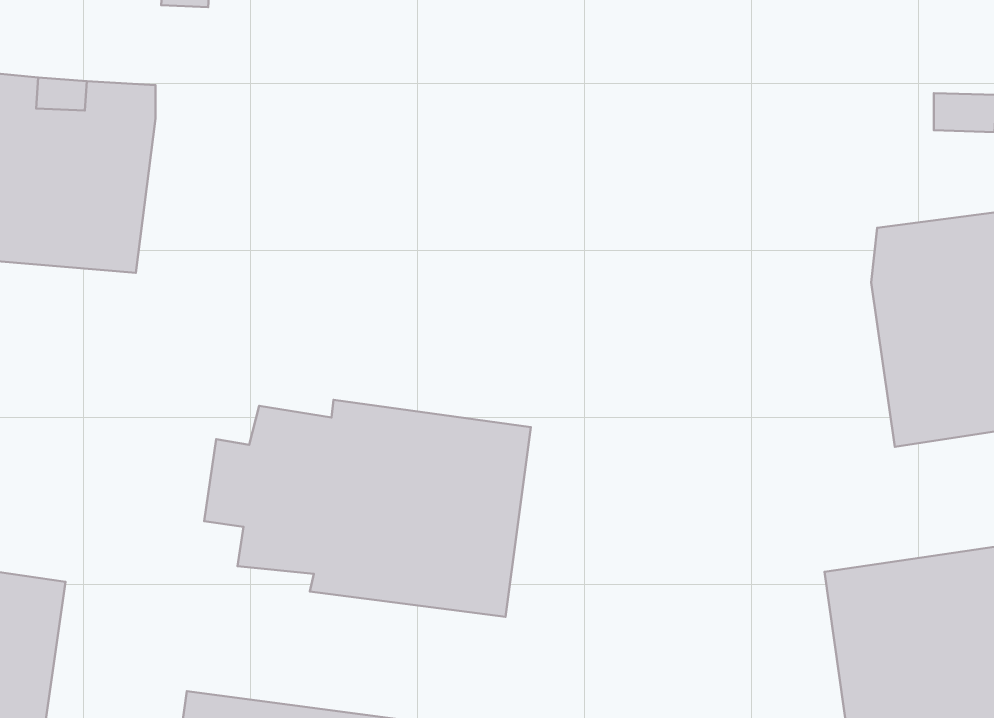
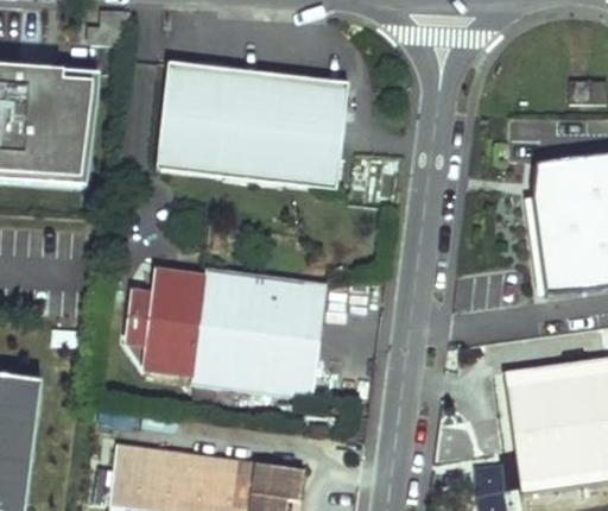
building: none -> [157,62,349,189]

